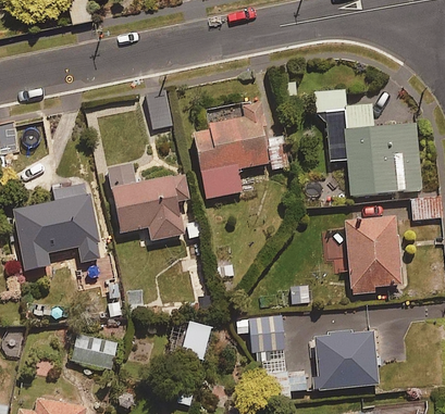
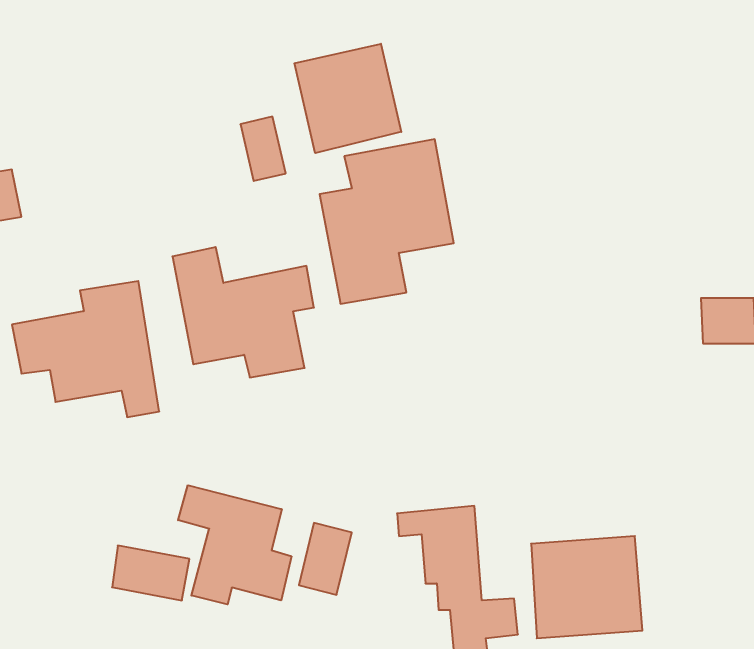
building: none -> [294,44,401,153]
building: [314,89,421,196] -> none
building: [346,217,401,293] -> none
building: none -> [178,485,291,604]

